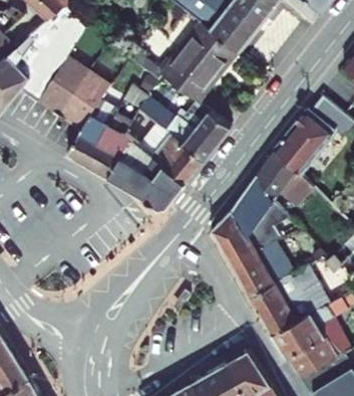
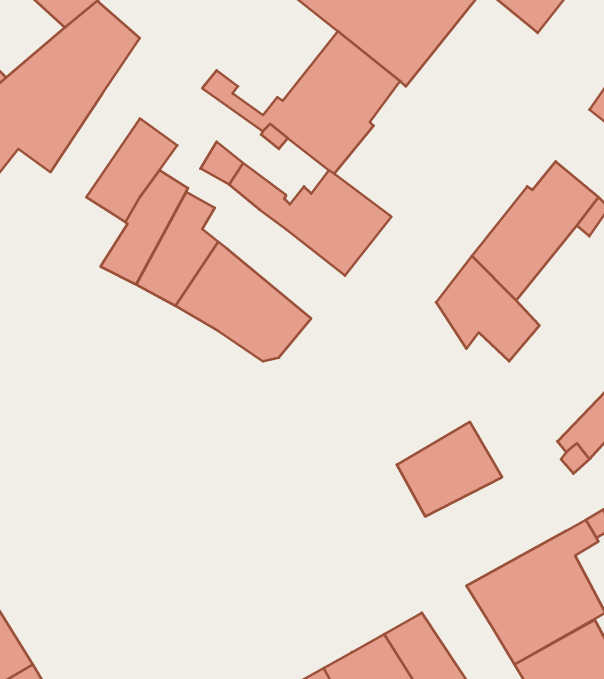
building: [38,57,88,116] -> none
building: [137,123,204,184] -> none
building: [212,175,287,266] -> none
building: [249,265,328,335] -> none

